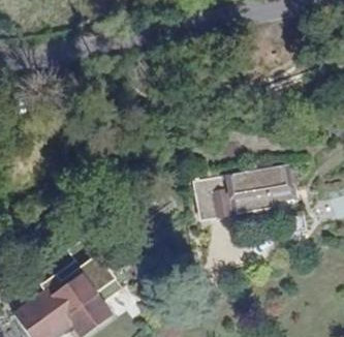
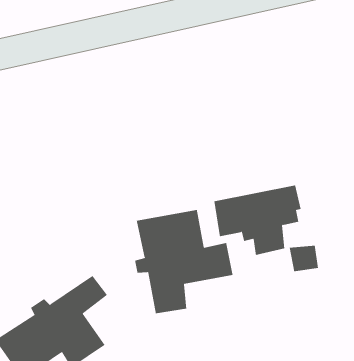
building: none -> [135,209,233,314]

